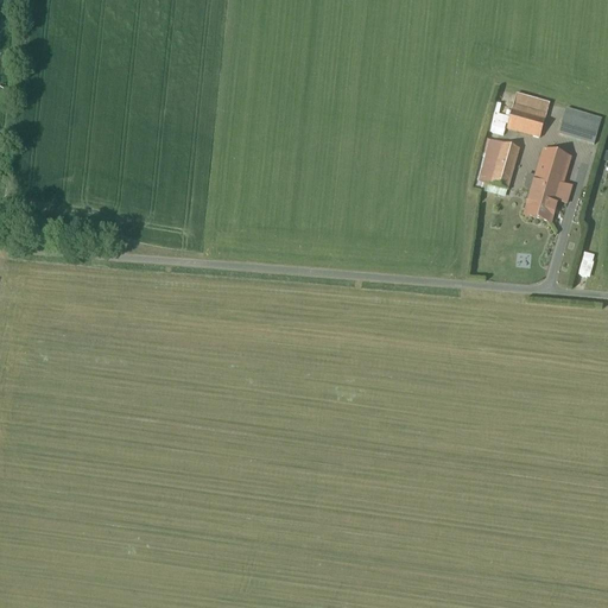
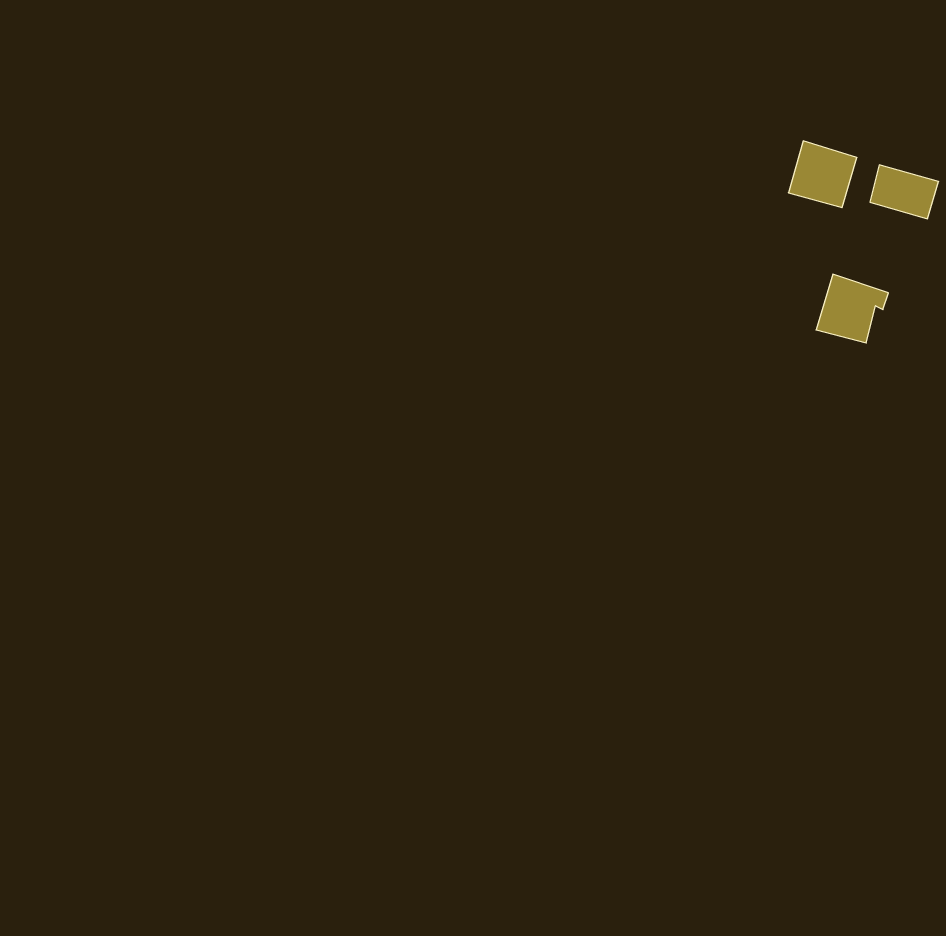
building: [481,138,519,184] -> none
building: [533,146,571,188] -> none

